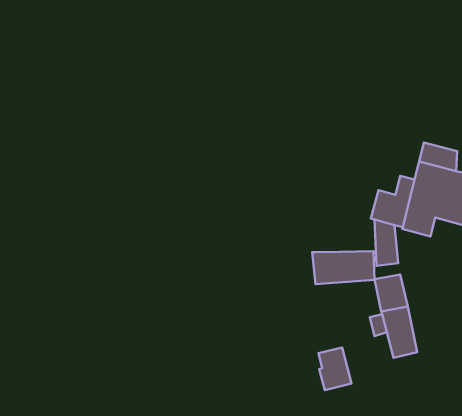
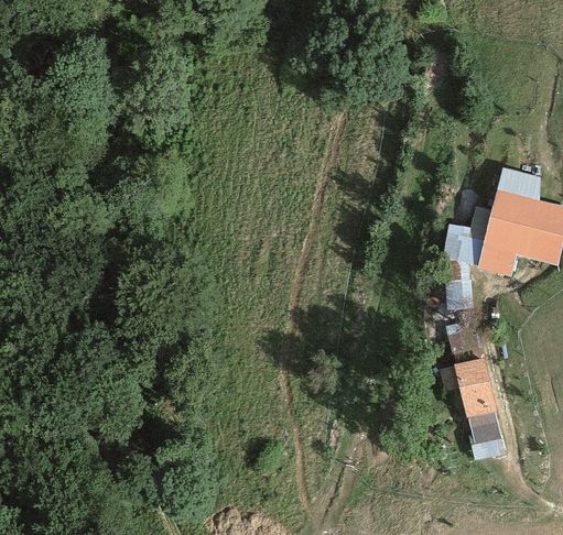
building: [312,251,375,284] -> none
building: [318,347,352,390] -> [468,412,507,461]

